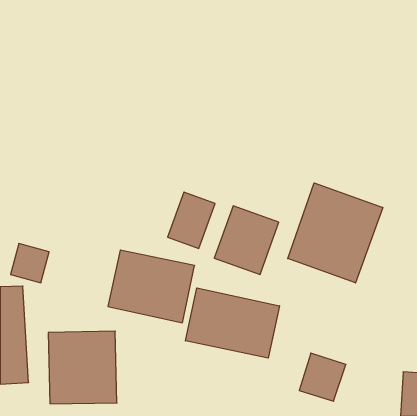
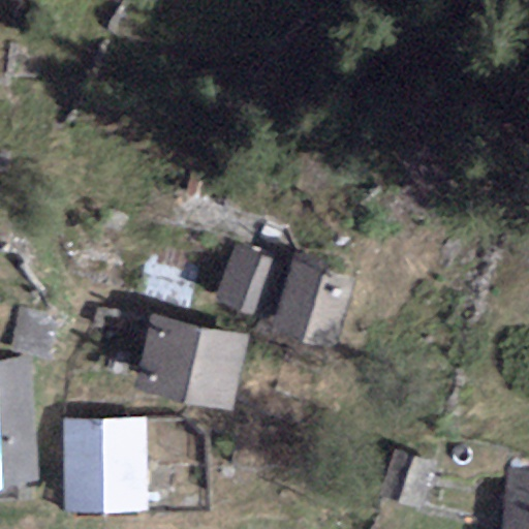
building: [288,183,383,283] -> none
building: [186,288,279,358] -> none

